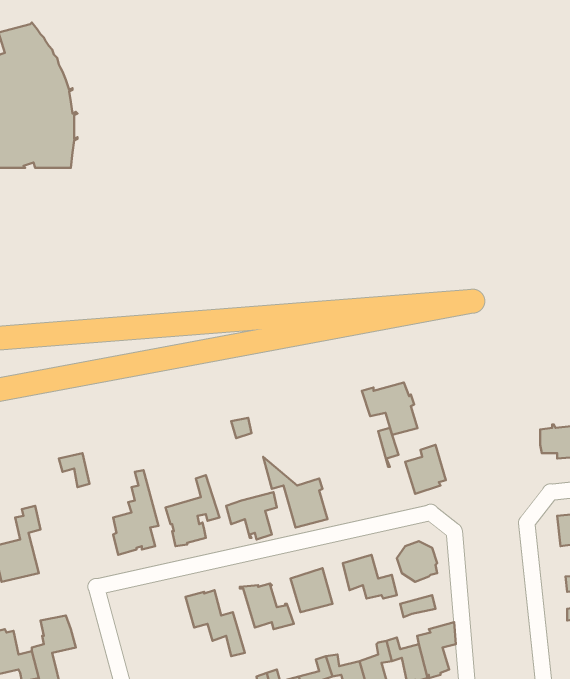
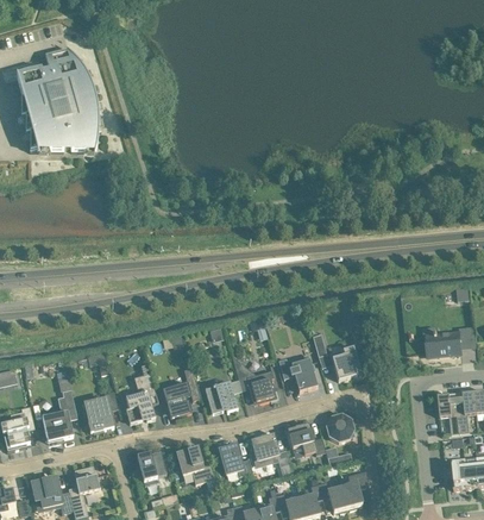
building: [362,383,418,435] -> [277,352,316,389]
building: none -> [81,389,117,432]
building: none -> [136,450,165,483]

